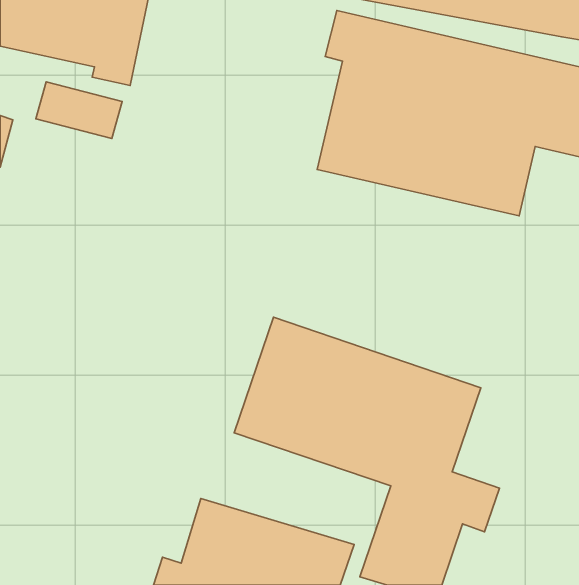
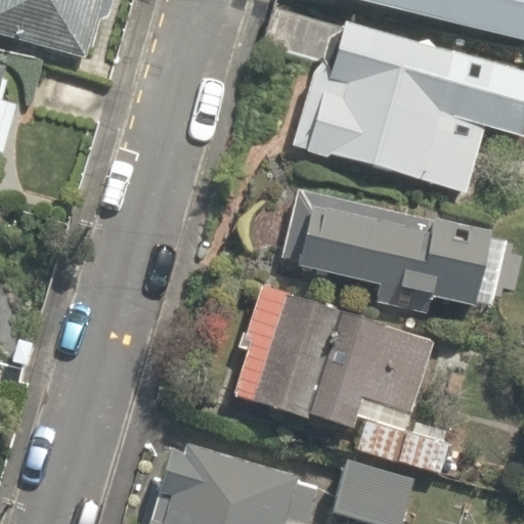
building: none -> [289,199,497,312]

